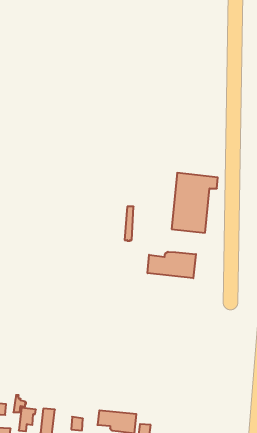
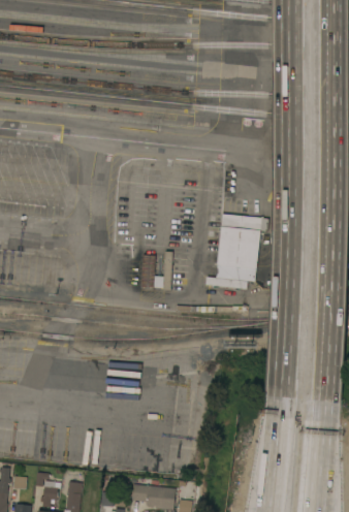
building: none -> [141,256,158,289]
building: [148,252,196,278] -> none

